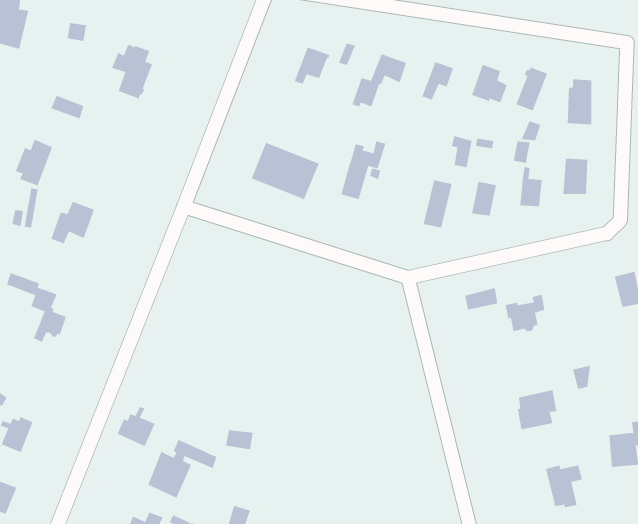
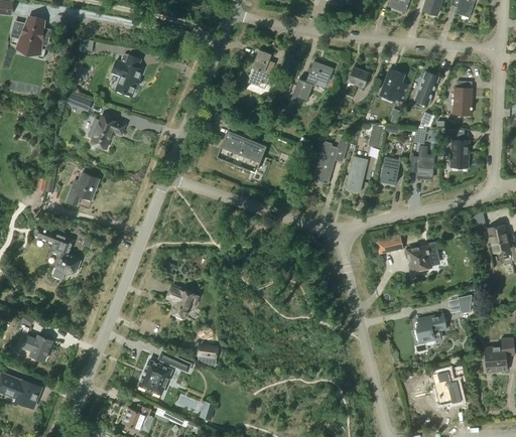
building: [15,139,53,186] -> [88,112,116,147]
building: [341,141,386,200] -> [313,139,348,183]
building: none -> [165,286,198,318]
building: [117,406,155,447] -> none

